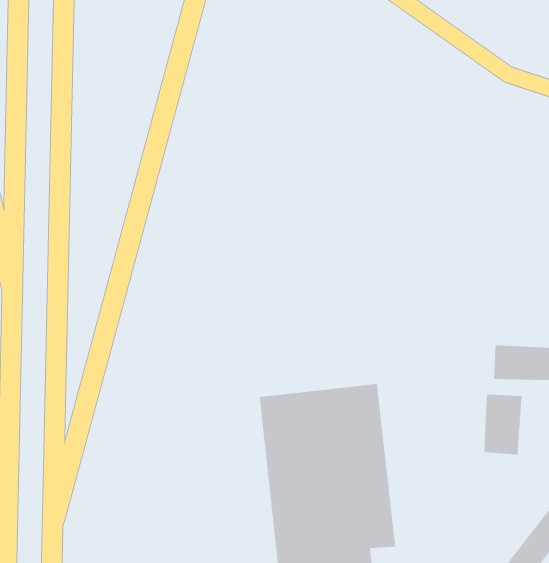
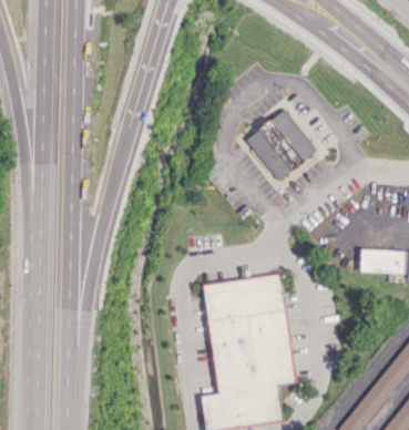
building: none -> [246,109,318,181]
building: [484,394,523,456] -> none

